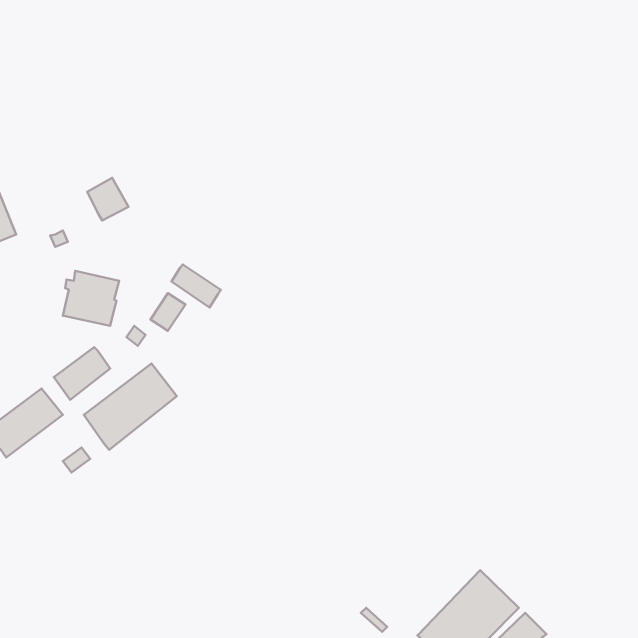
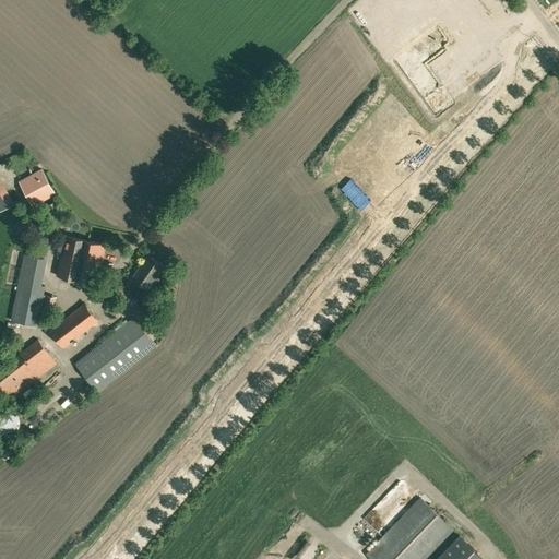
building: [87,178,128,221] -> [17,170,53,207]
building: [172,265,221,308] -> none
building: none -> [9,257,43,326]

